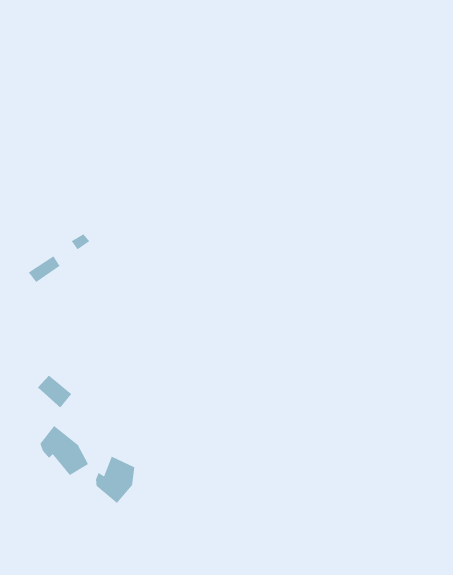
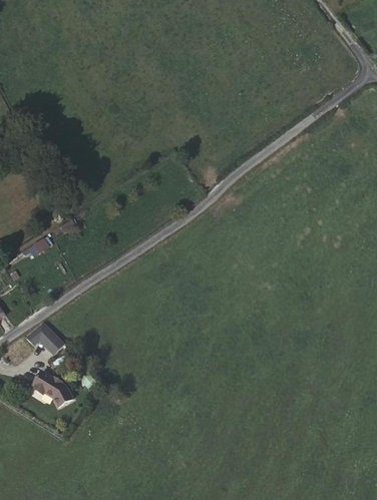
building: [96,456,135,504] -> none

